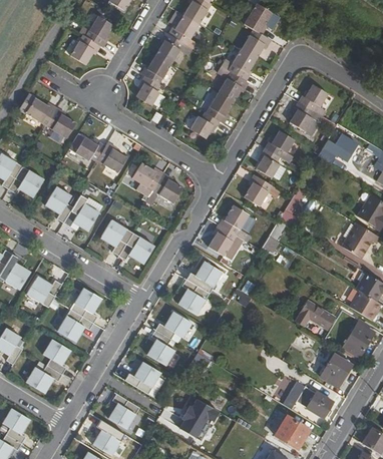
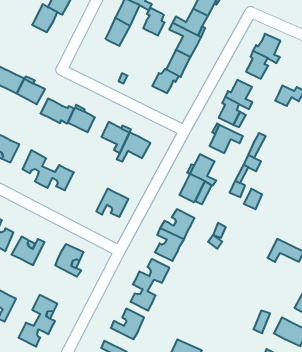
building: [136,75,159,105] -> [143,8,165,36]
building: [100,219,133,256] -> none
building: [57,309,93,342] -> none

